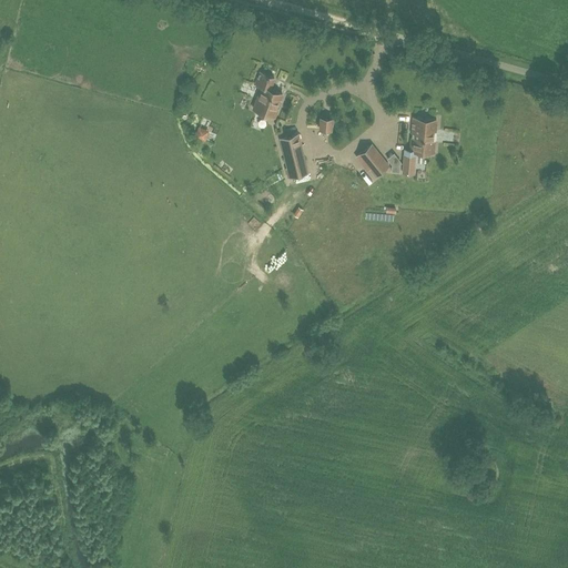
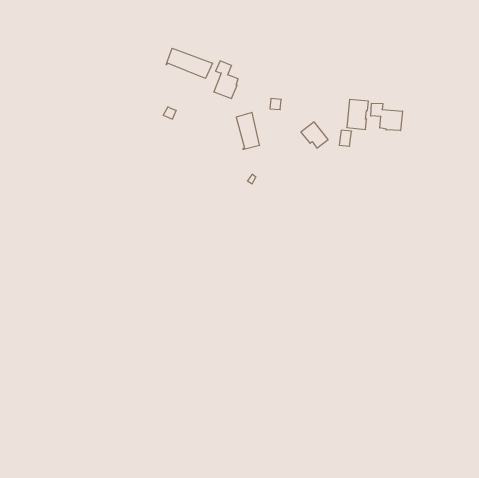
building: none -> [166,48,213,78]
building: none -> [371,103,402,131]

